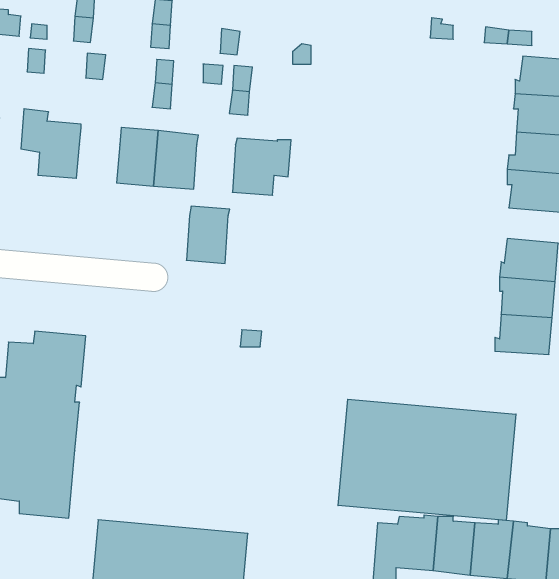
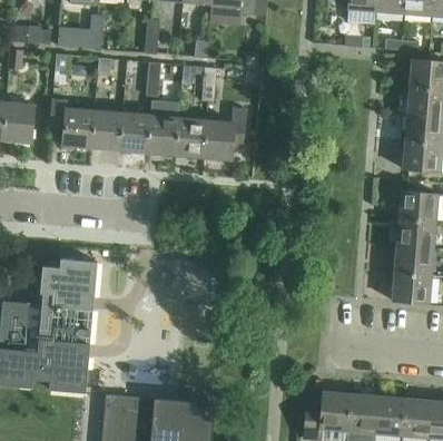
building: none -> [90,109,122,151]
building: [186,206,230,263] -> [175,117,206,158]
building: none -> [391,273,431,304]
building: [338,399,516,520] -> none

